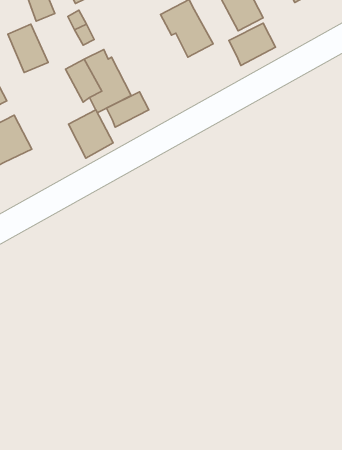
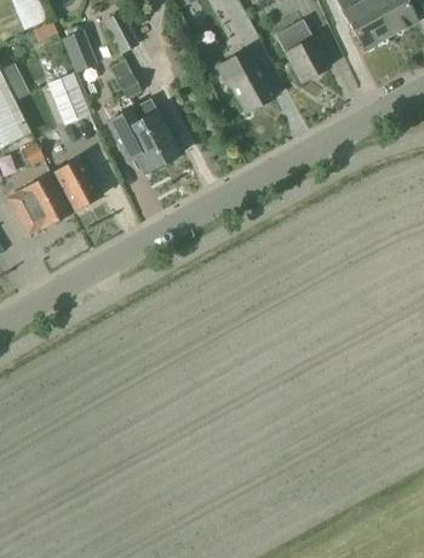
building: [229,23,276,65] -> none
building: [106,92,149,127] -> none
building: [68,110,113,158] -> [51,159,101,212]

